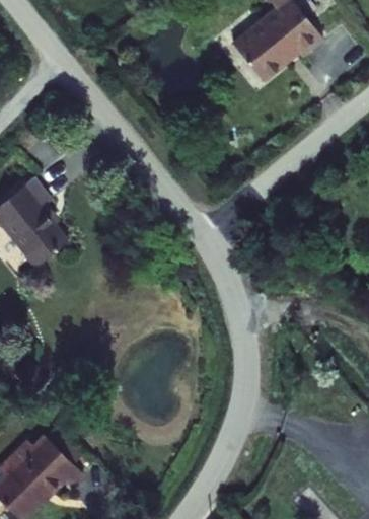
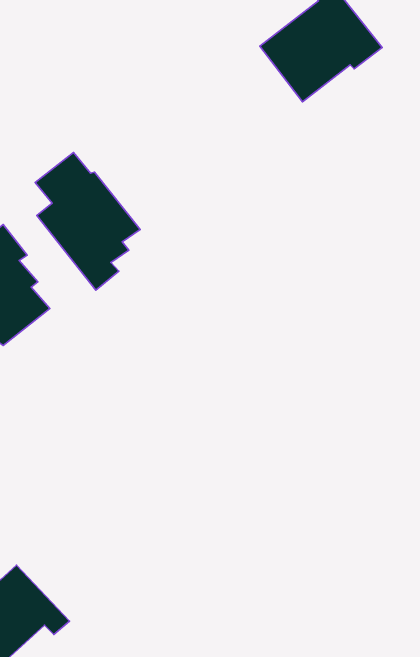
building: none -> [35,152,140,290]

